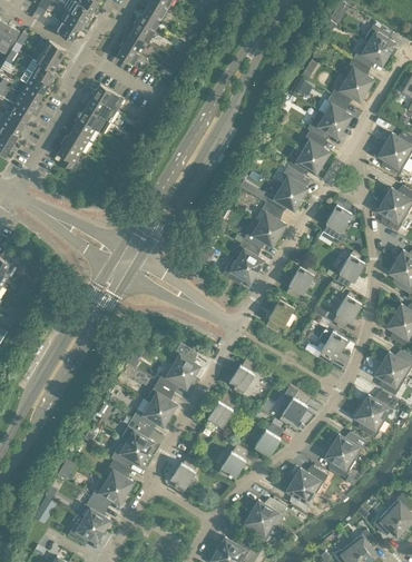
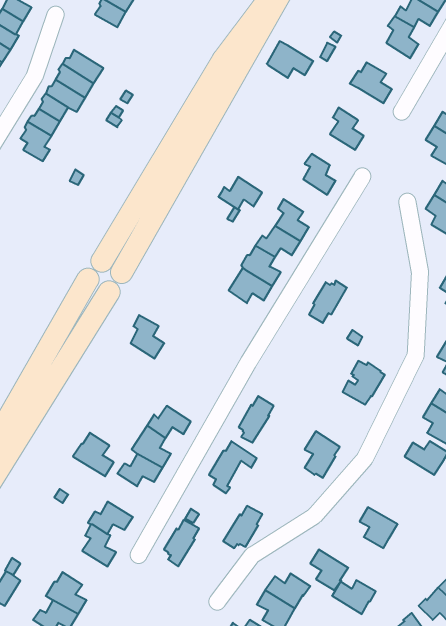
building: [331,78,365,102] -> none
building: [307,110,344,139] -> [267,41,313,78]
building: [287,150,322,175] -> none
building: [265,186,300,211] -> [218,177,262,209]
building: [322,206,351,238] -> none
building: [335,250,363,287] -> none
building: [332,292,360,328] -> none
building: [265,300,293,333] -> none
building: [173,343,199,377] -> [131,315,164,359]
building: [354,405,384,437] -> none
building: [120,418,153,453] -> [73,433,114,476]
building: [254,422,283,454] -> none
building: [332,432,366,459] -> none
building: [293,466,327,493] -> [332,580,376,614]
building: [90,480,126,506] -> none

